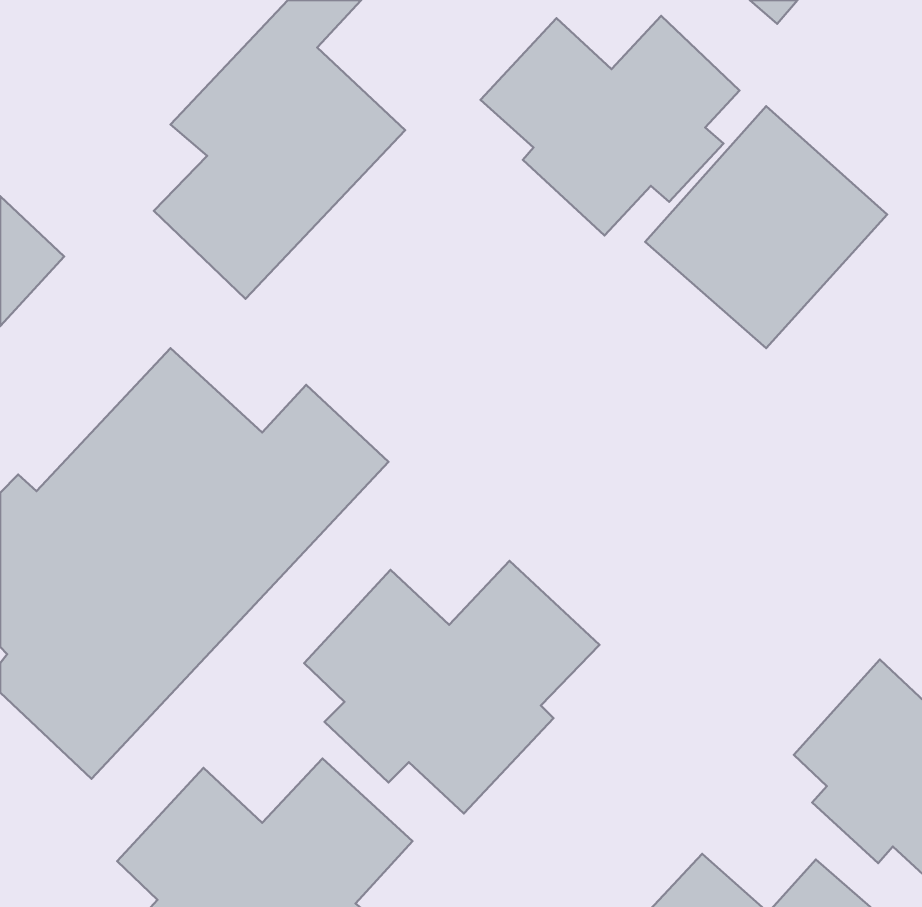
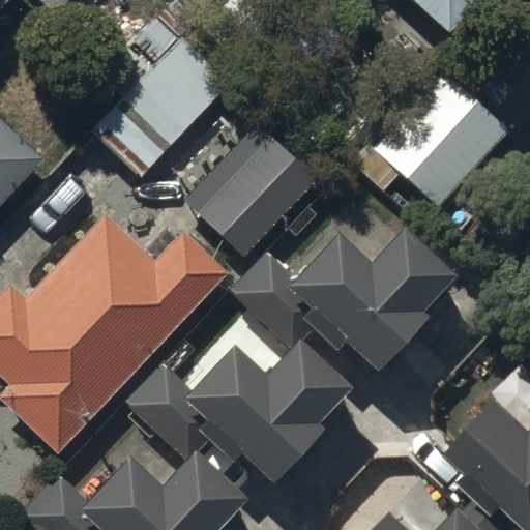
building: [480,16,739,236] -> none
building: none -> [185,128,318,261]
building: none -> [285,219,451,362]

